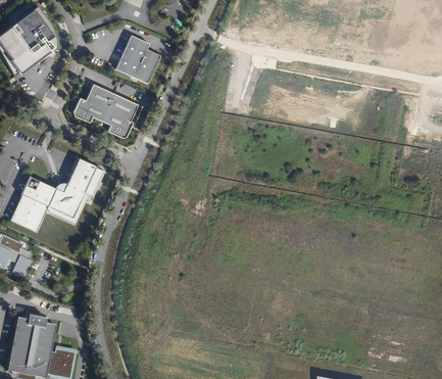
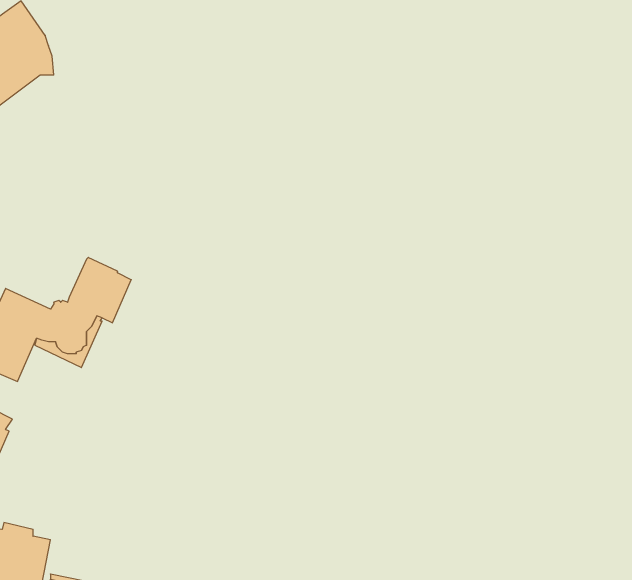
building: [115,35,160,83] -> none
building: [72,84,138,138] -> none

